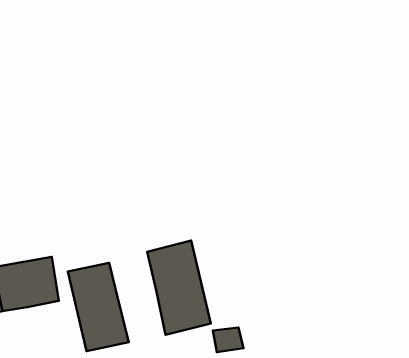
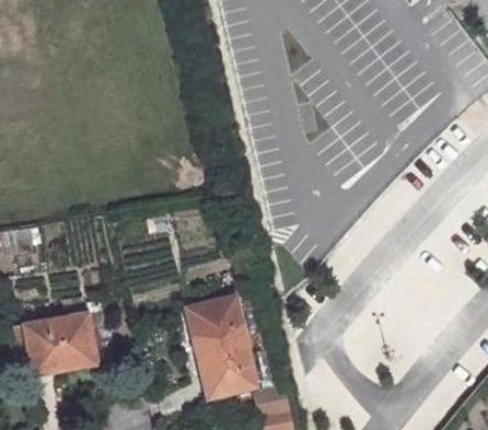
building: [68,263,129,351] -> none

